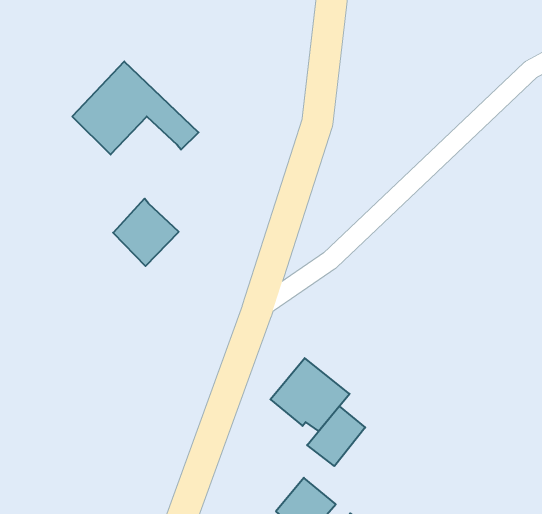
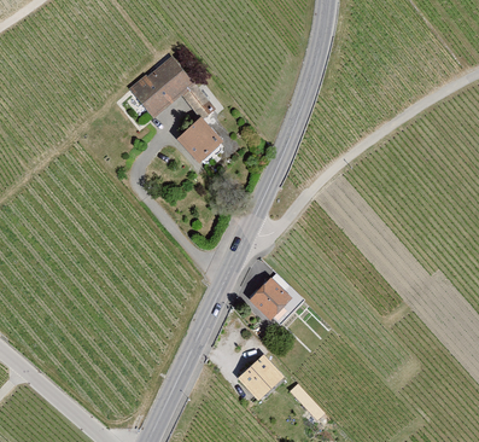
building: [113,199,179,266] -> [174,116,220,163]
building: [307,406,365,466] -> none

